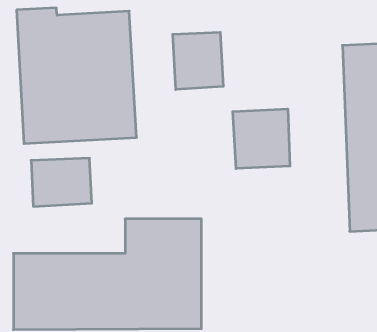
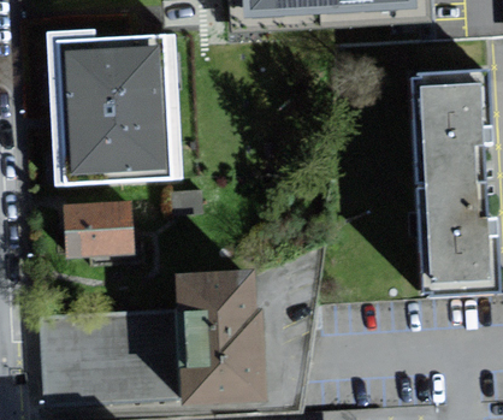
building: [173,32,223,90] -> none
building: [233,109,290,169] -> none

